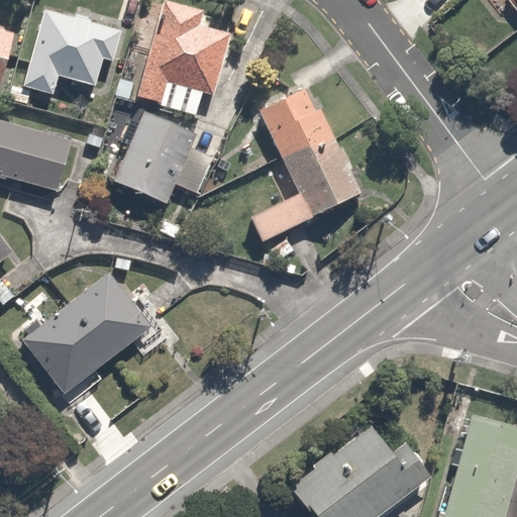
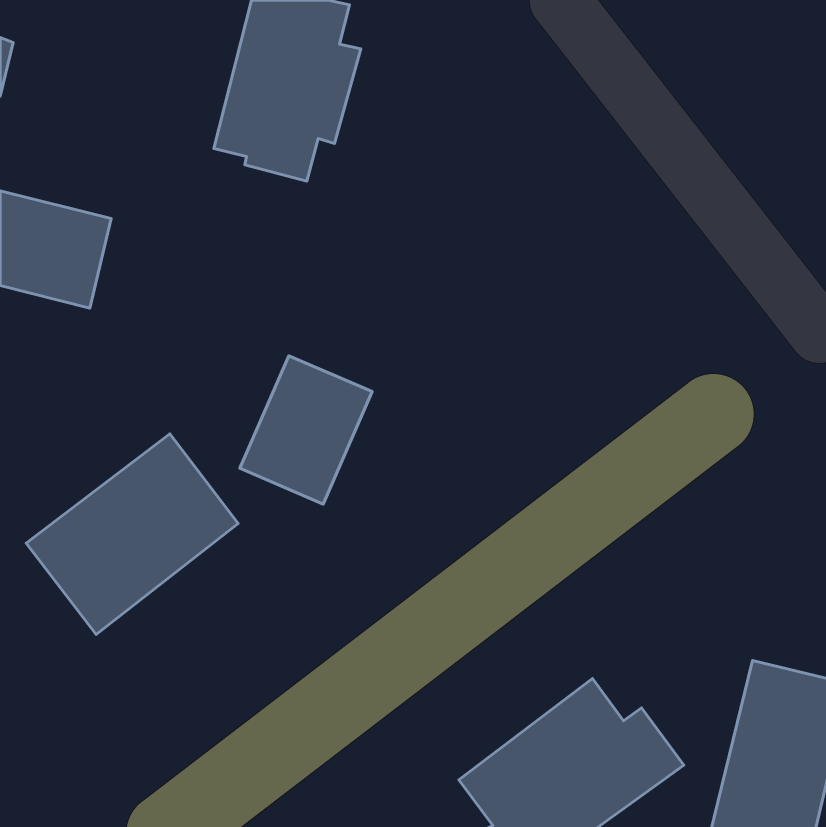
building: [22,10,123,93] -> none
building: [252,87,360,242] -> none
building: [116,111,198,203] -> [240,356,372,504]

